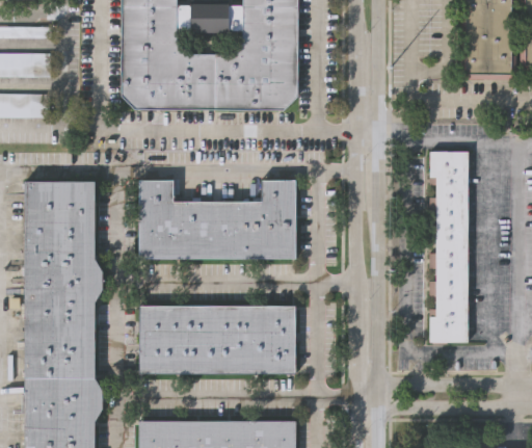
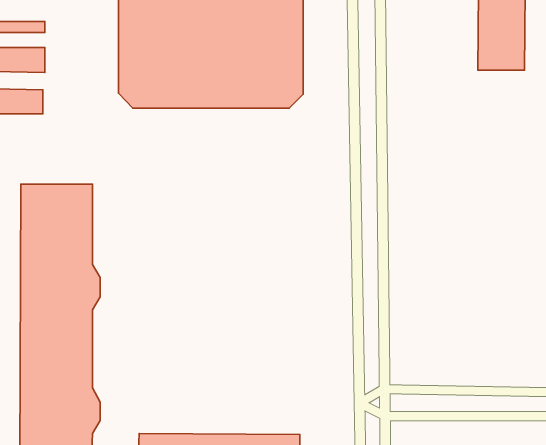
building: [427,151,468,341] -> none
building: [140,178,295,256] -> none
building: [140,301,296,371] -> none

